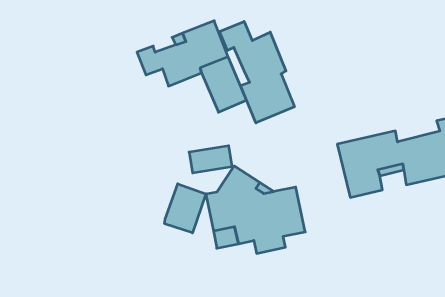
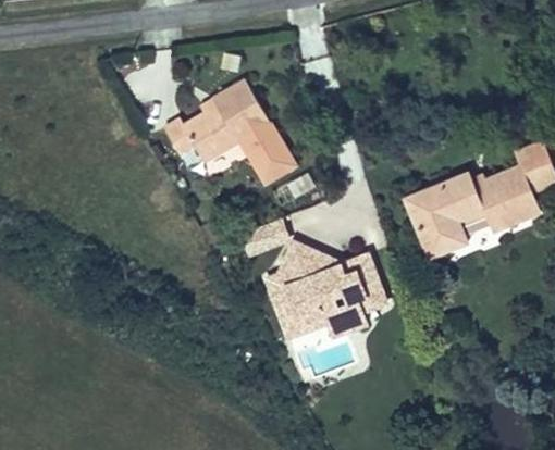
building: [219,21,294,123] -> none
building: [165,184,206,233] -> none

